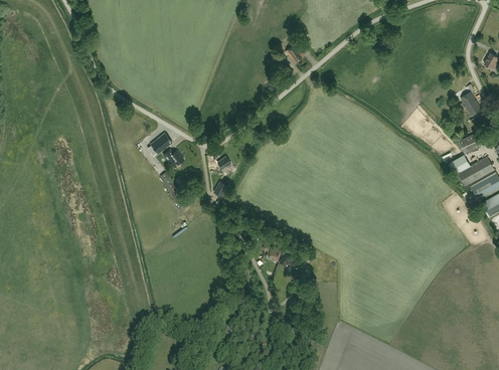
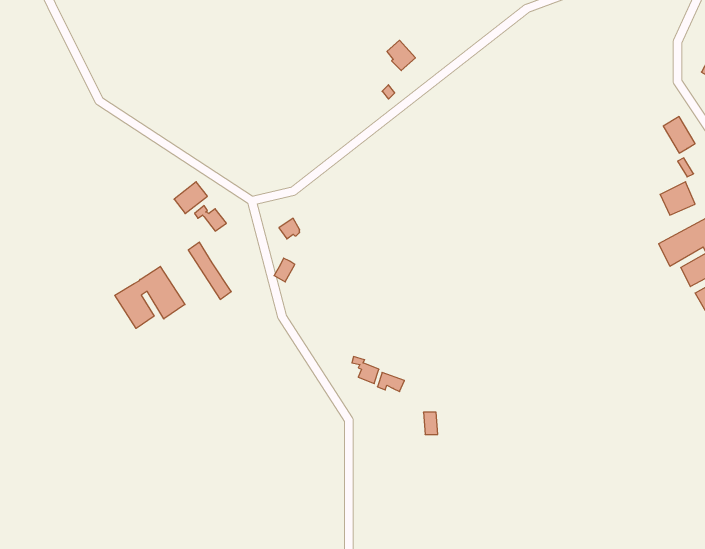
building: none -> [115,266,185,328]

